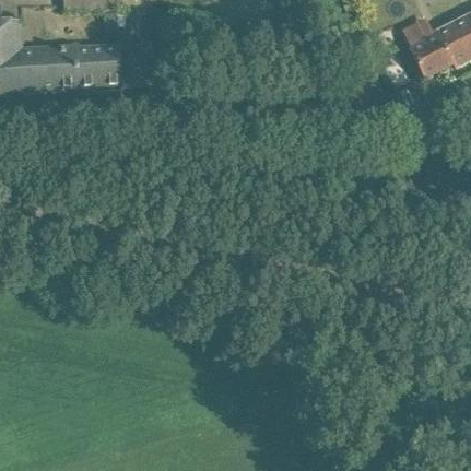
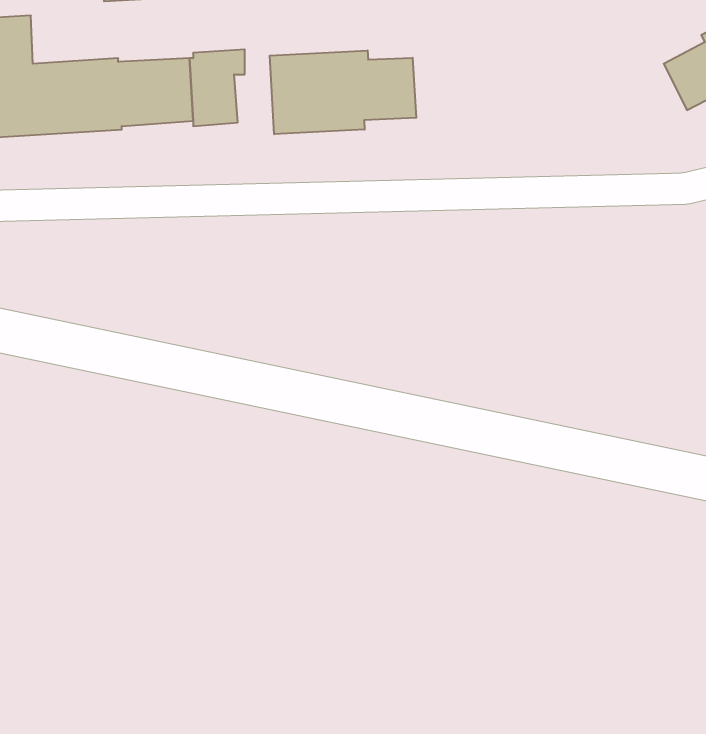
building: none -> [270,50,416,134]

